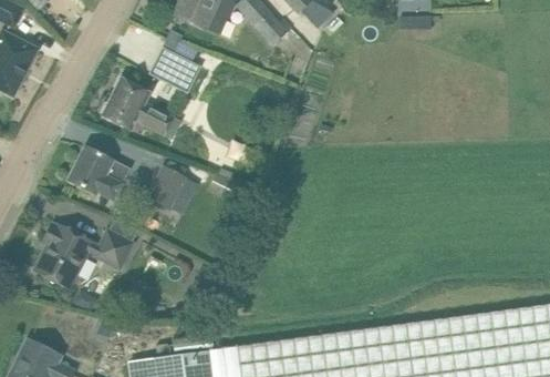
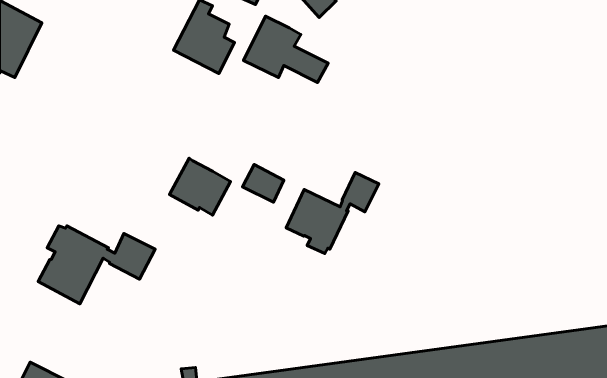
building: [102,78,174,134] -> [243,16,328,83]
building: [69,146,131,201] -> none
building: none -> [286,172,379,254]

